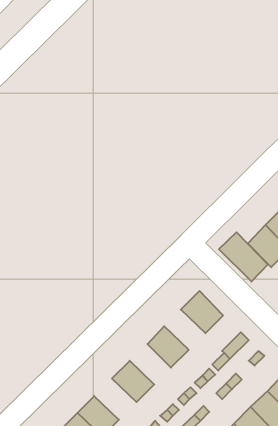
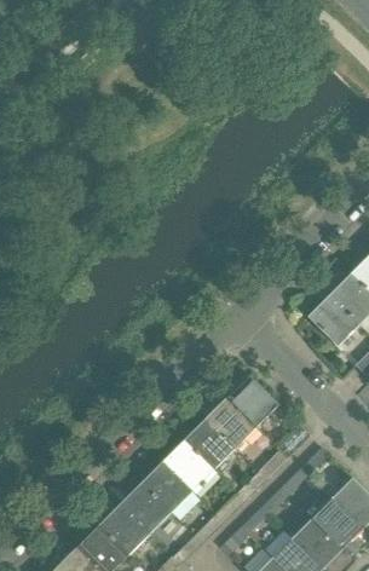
building: [219,232,268,282] -> none
building: none -> [206,398,256,448]
building: none -> [163,440,214,490]
building: none -> [120,483,172,533]

